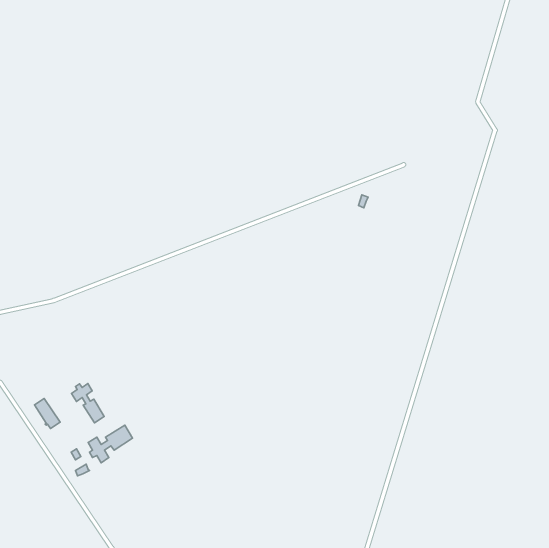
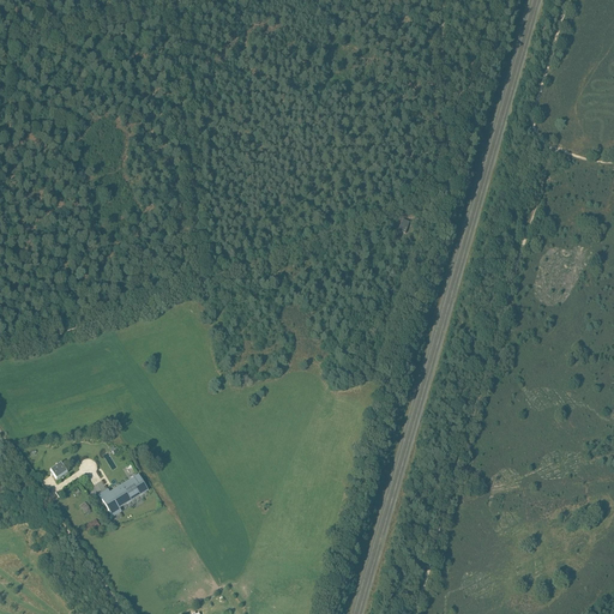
building: [72,383,104,423] -> none

